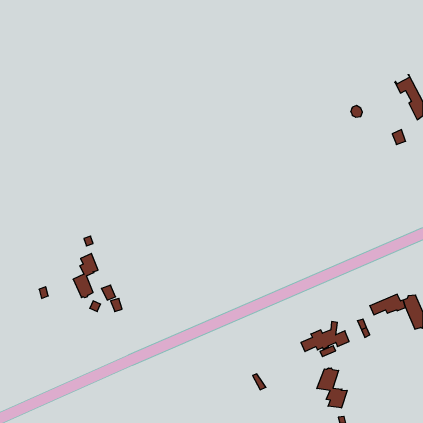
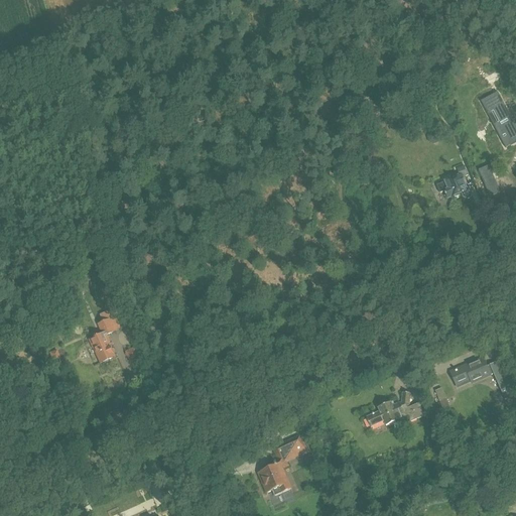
building: none -> [434,167,471,198]
building: none -> [256,434,305,494]
building: [317,368,347,408] -> none

